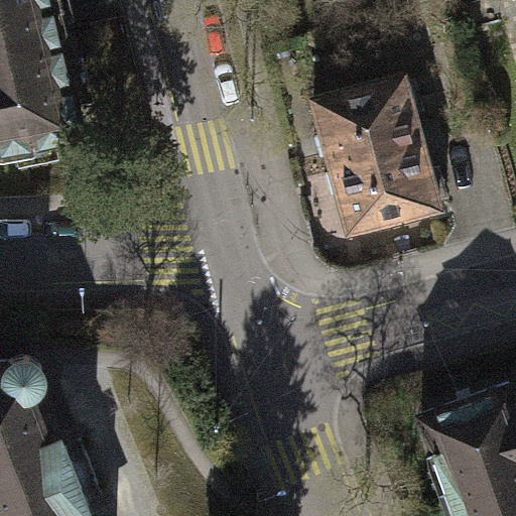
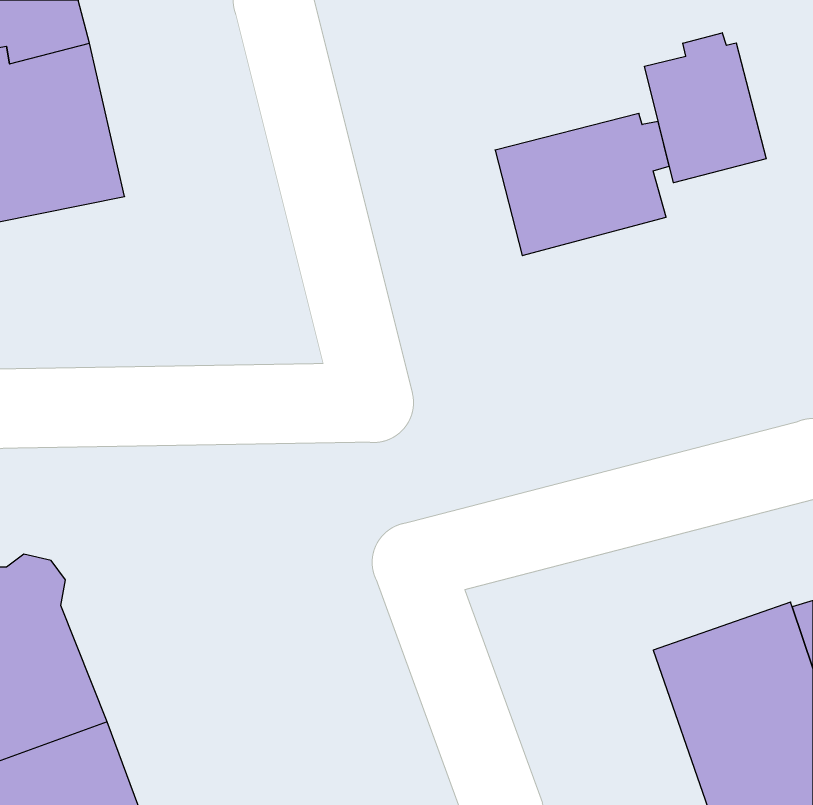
building: none -> [645,33,766,183]
building: [330,144,445,234] -> none

